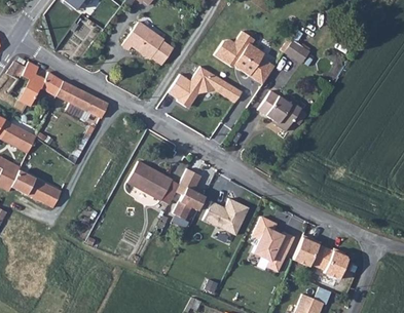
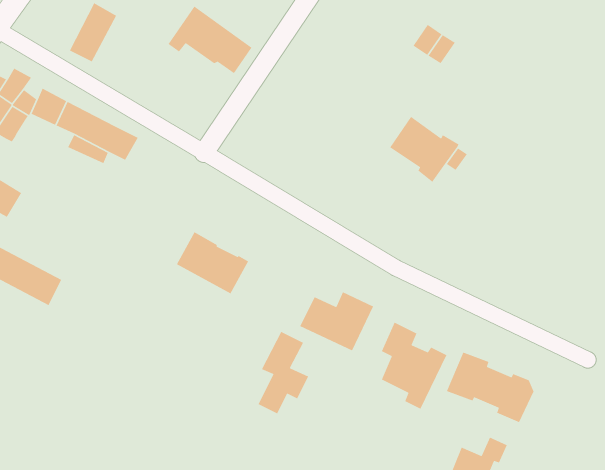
building: [216,31,278,83] -> none
building: [179,66,245,106] -> none
building: [175,168,207,220] -> [258,331,309,414]

